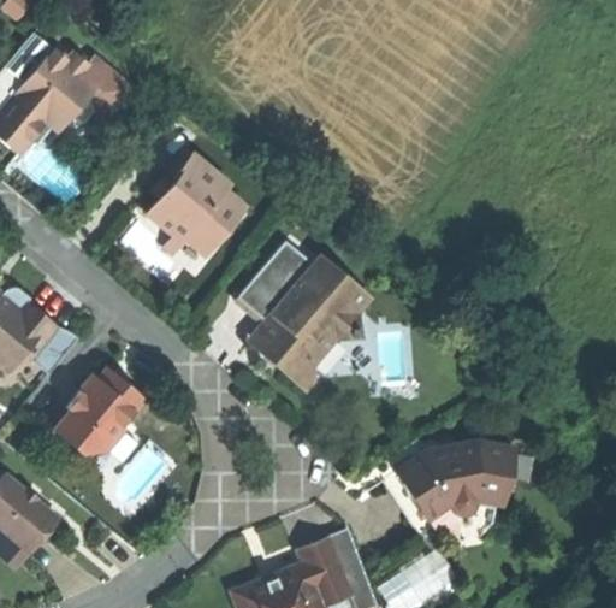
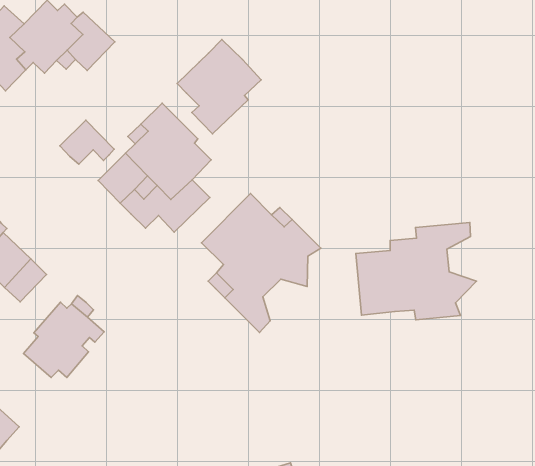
building: none -> [177,39,261,134]
building: none -> [60,120,114,164]
building: none -> [356,222,477,320]
building: [393,448,513,521] -> none

